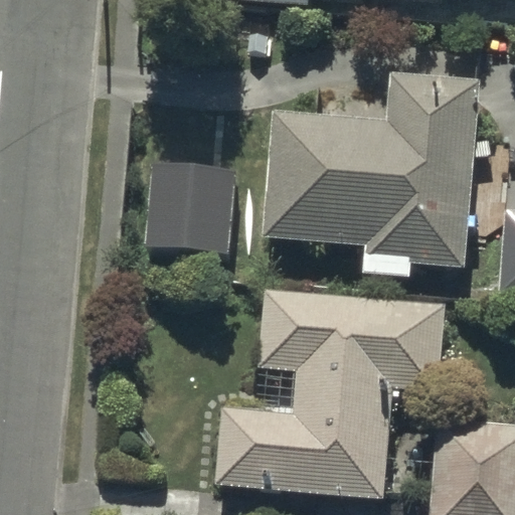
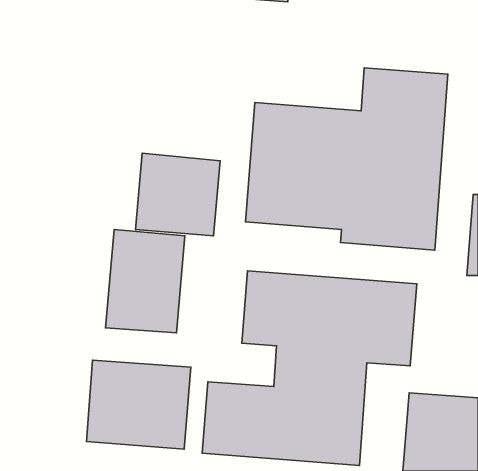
building: none -> [106,229,185,333]
building: none -> [86,360,191,449]

